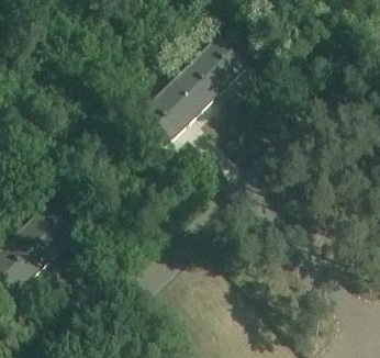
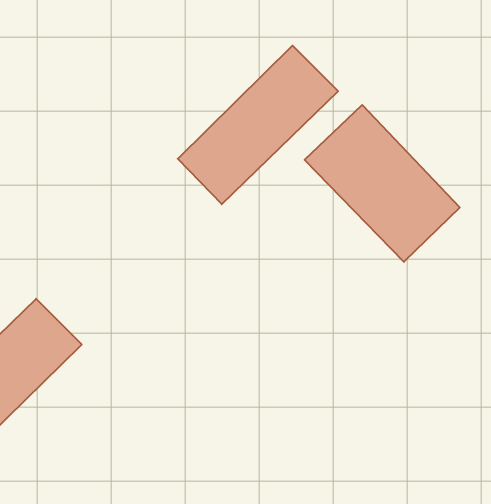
building: none -> [305,105,460,262]

